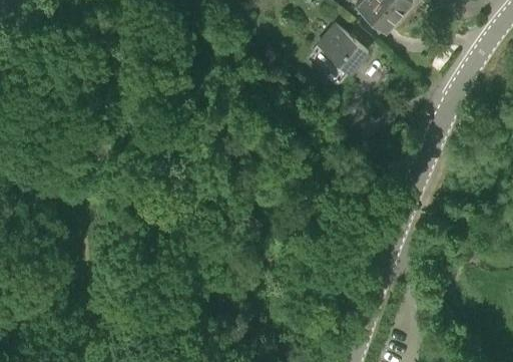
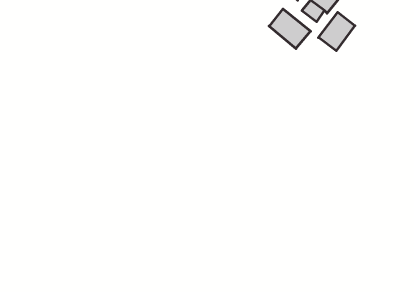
building: none -> [318,12,355,51]

